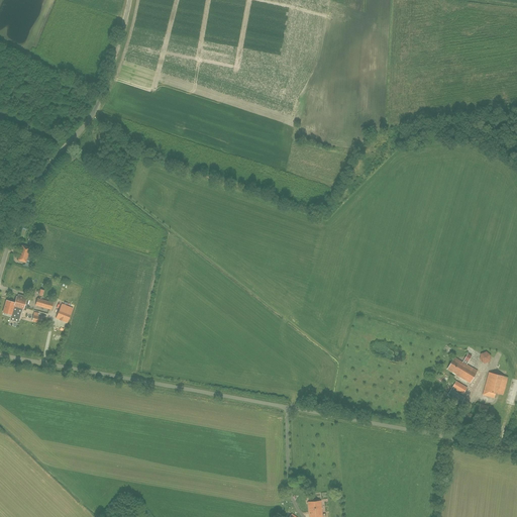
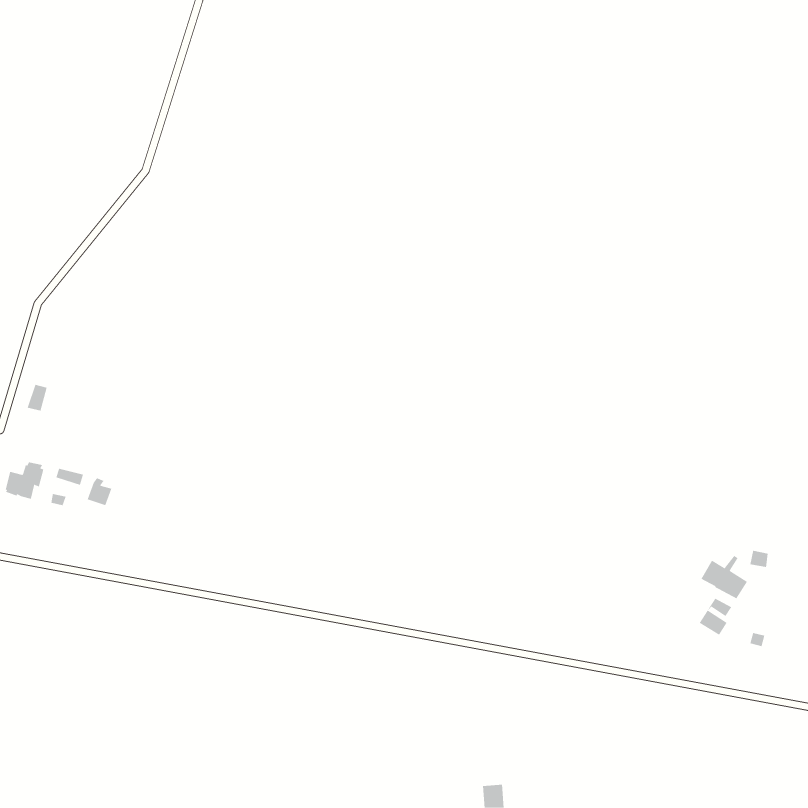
building: [483,373,508,398] -> none

